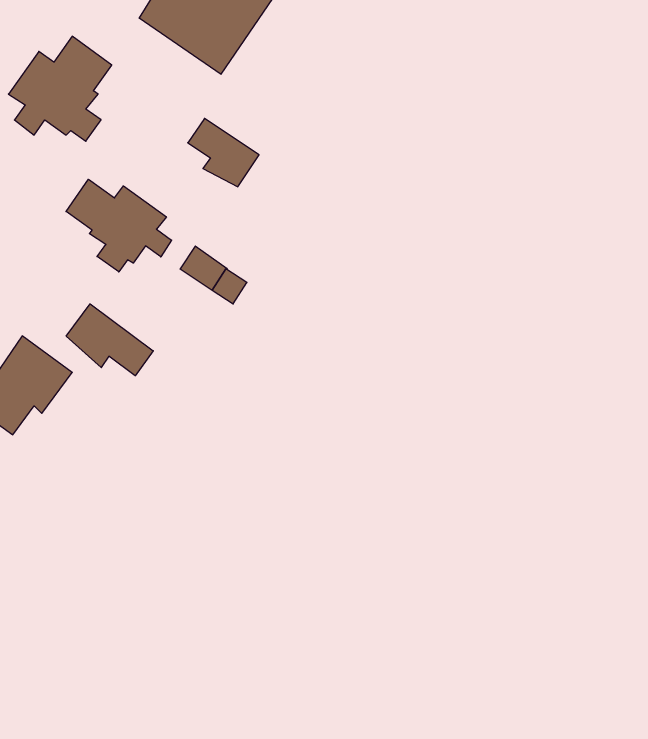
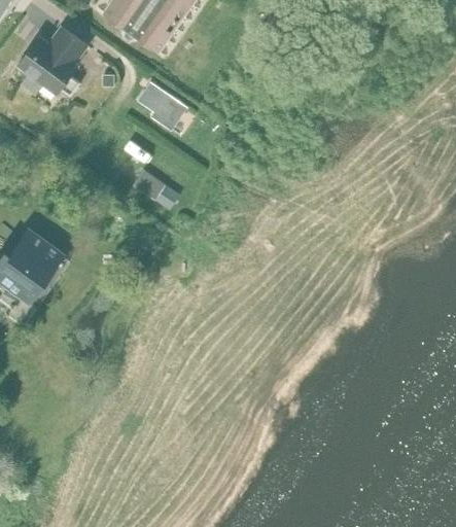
building: [66,179,172,272] -> none
building: [66,304,153,376] -> none

